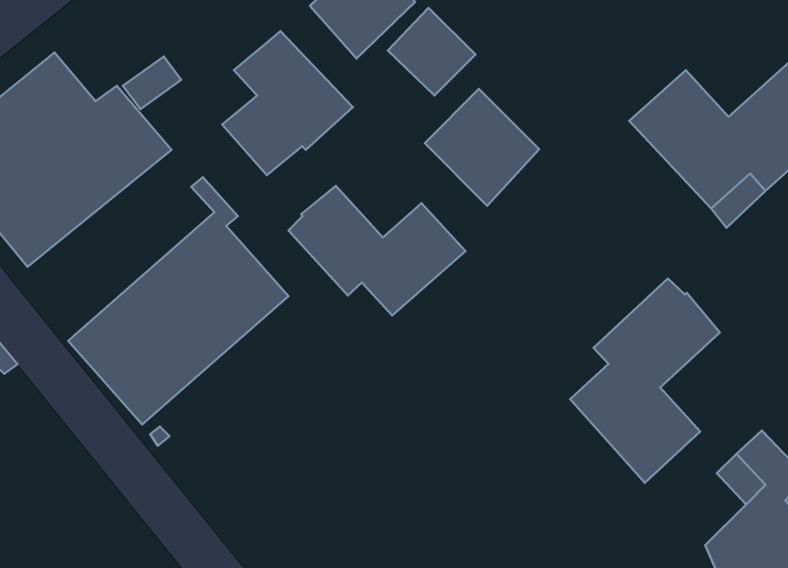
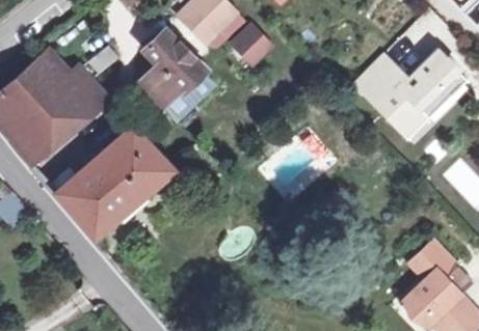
building: [425,89,539,206] -> none
building: [289,186,466,316] -> none
building: [570,278,720,483] -> none

